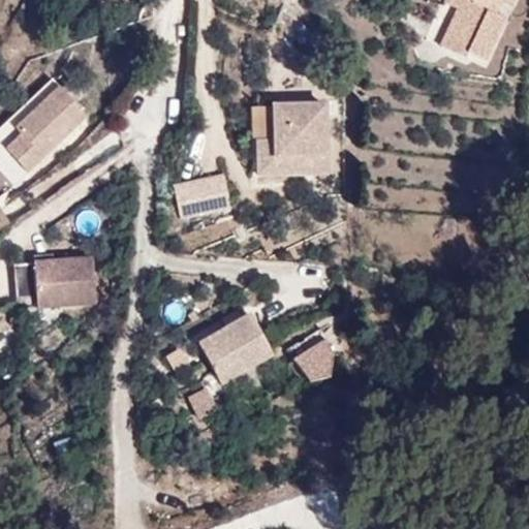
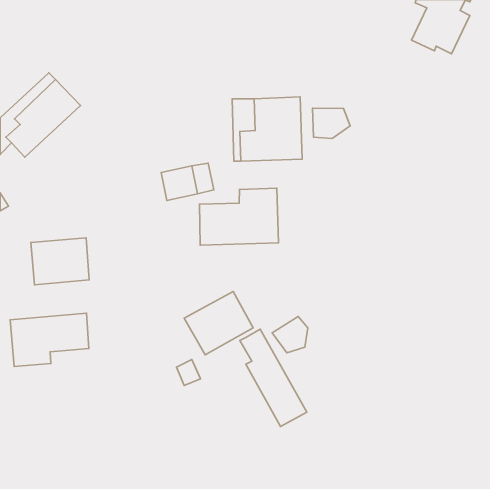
building: none -> [313,108,350,139]
building: none -> [199,188,279,245]
building: none -> [10,313,89,367]
building: none -> [240,329,307,427]

